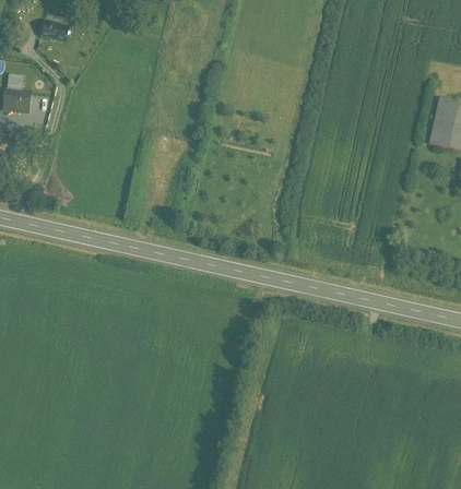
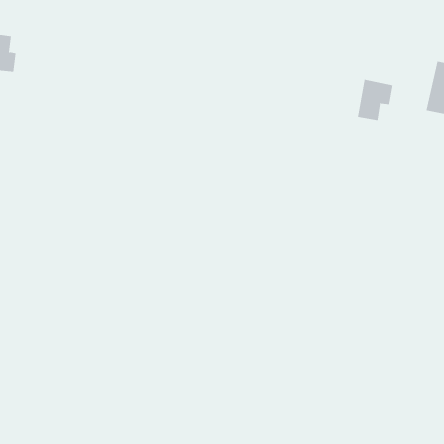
building: none -> [358,79,393,121]

